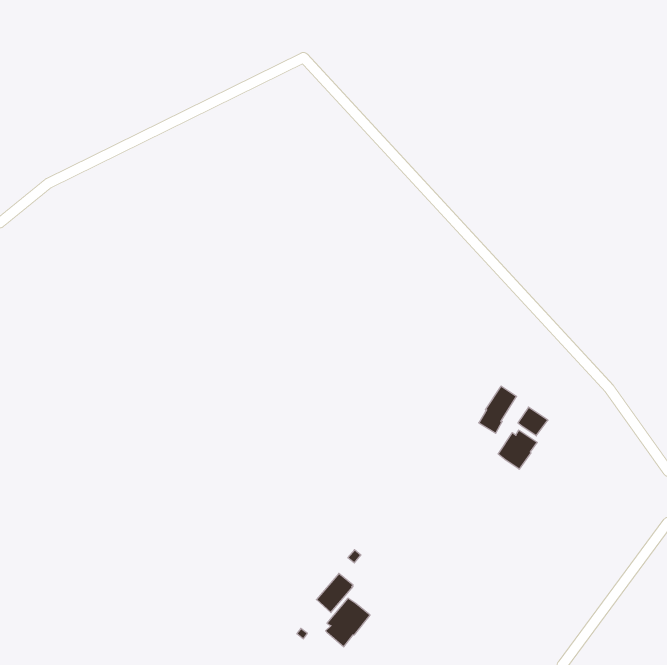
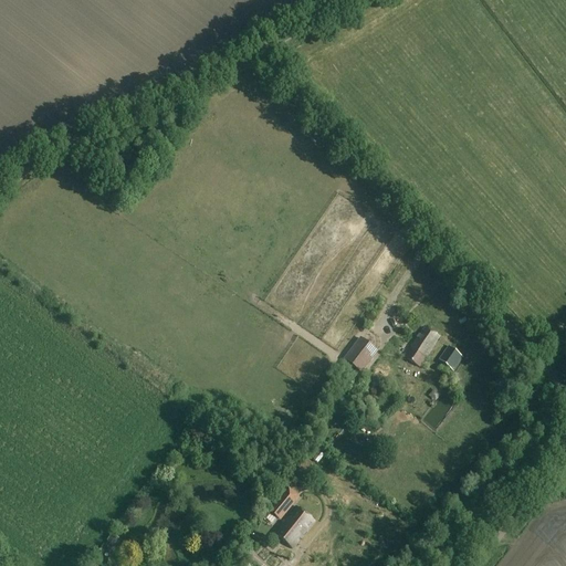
building: none -> [345,336,379,370]
building: [498,430,537,469] -> none

